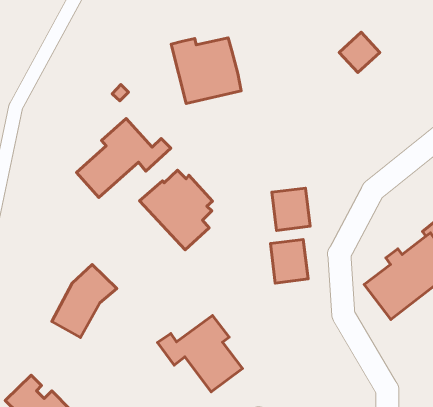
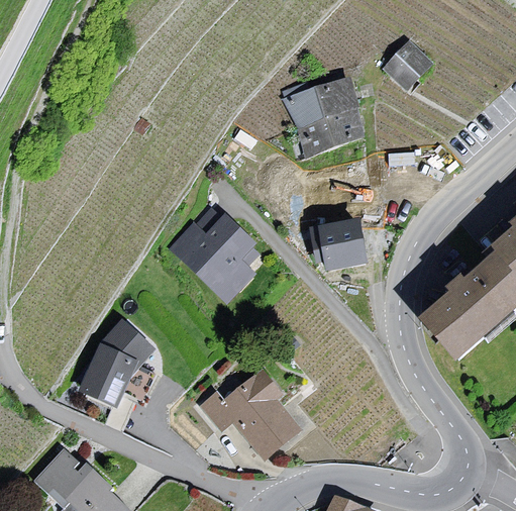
building: [171,38,241,104] -> [283,79,365,156]
building: [76,119,171,198] -> none
building: [270,240,308,283] -> none

